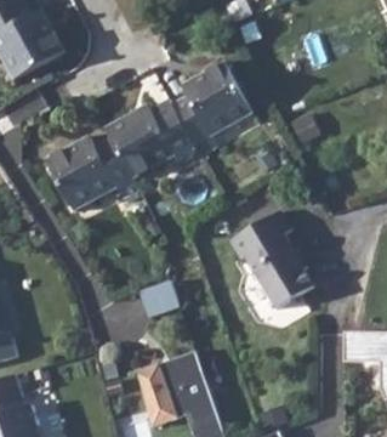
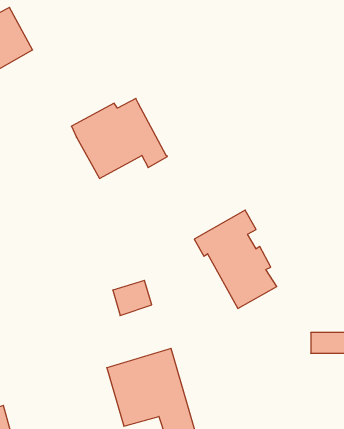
building: [170,62,251,157] -> none
building: [45,136,136,212] -> none

